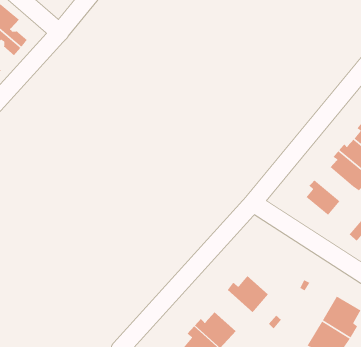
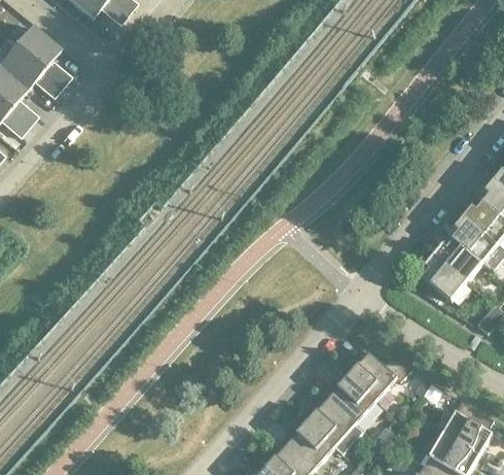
building: none -> [433,236,481,281]
building: none -> [348,347,410,400]
building: none -> [307,394,362,452]

